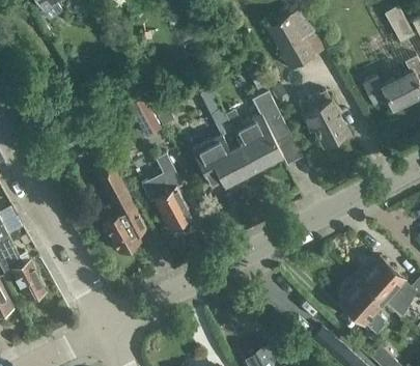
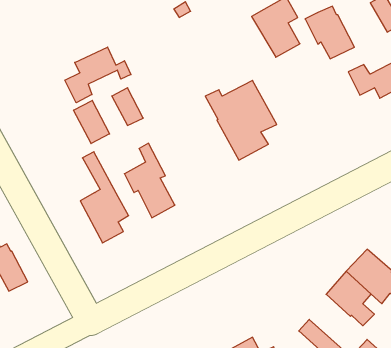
building: none -> [65,47,131,103]
building: [300,92,348,144] -> [305,6,354,59]
building: none -> [74,100,110,144]
building: [193,132,255,189] -> none

